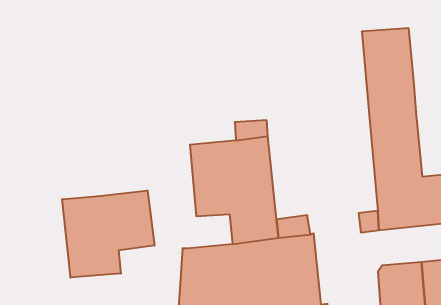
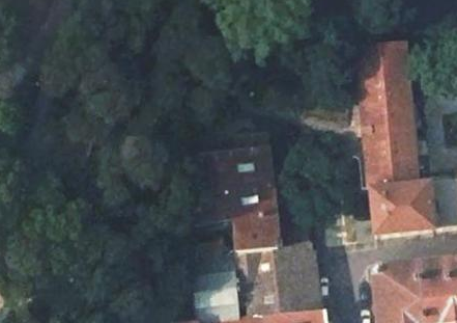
building: [62,190,154,278] -> none

